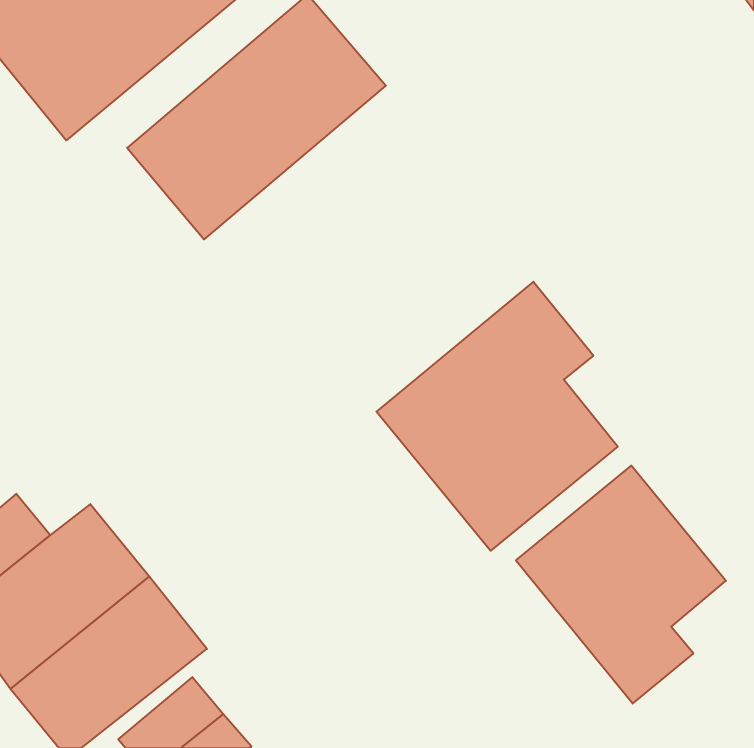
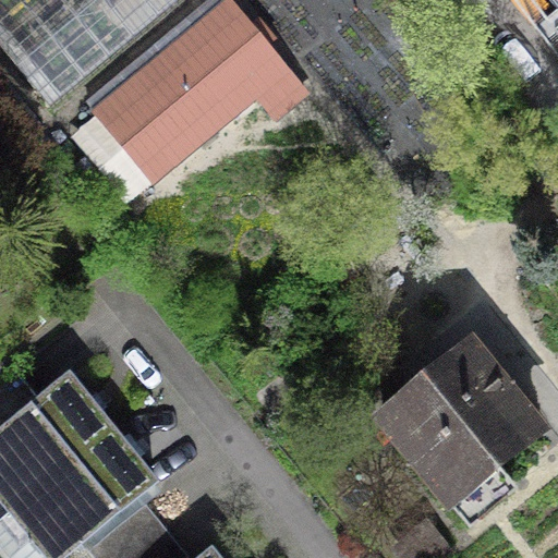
building: [376,282,618,551] -> none

